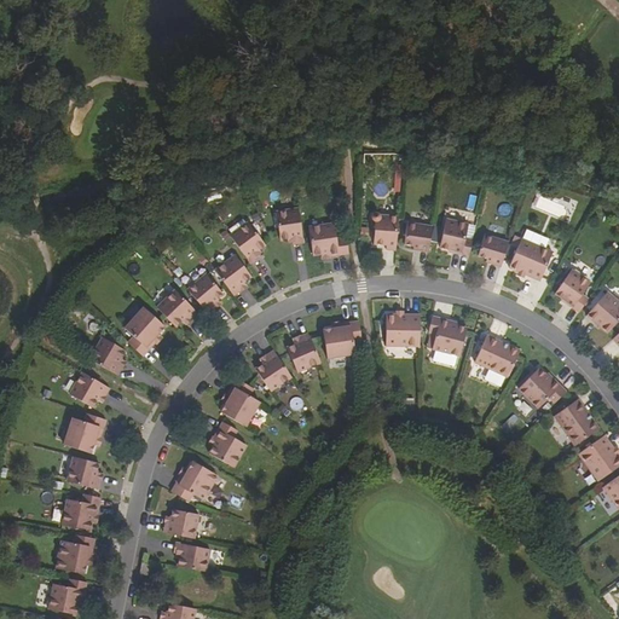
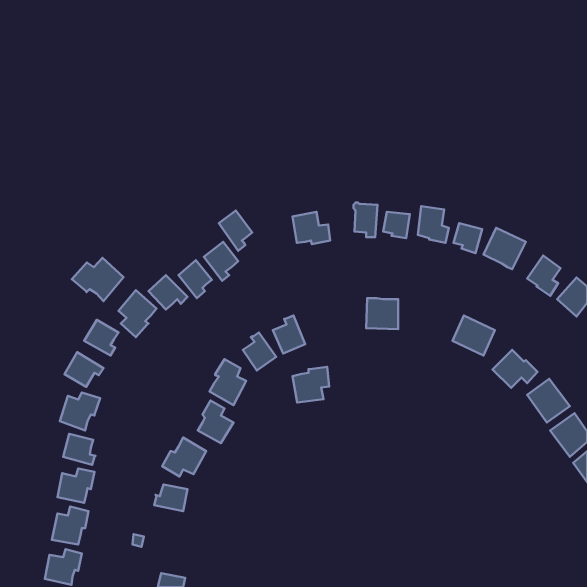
building: [276,208,303,244] -> none
building: none -> [72,258,124,301]
building: [429,316,467,353] -> none
building: [322,320,360,358] -> [292,367,329,403]
building: [173,542,209,571] -> none

